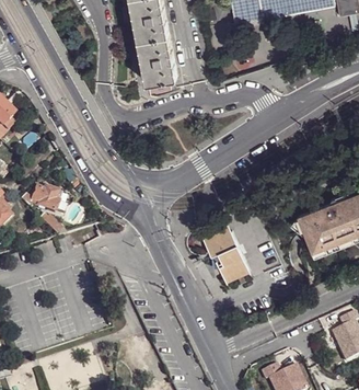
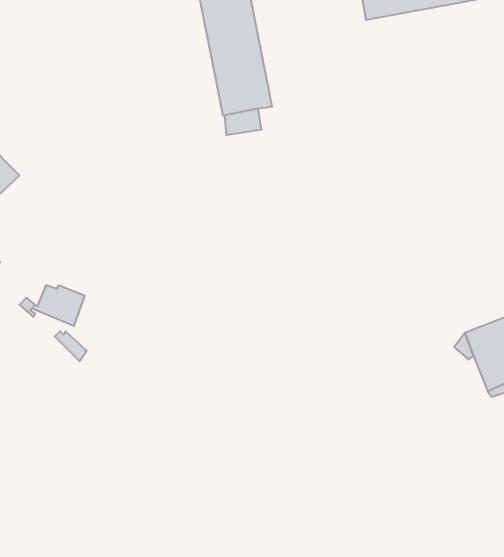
building: [201,227,250,283] -> none

